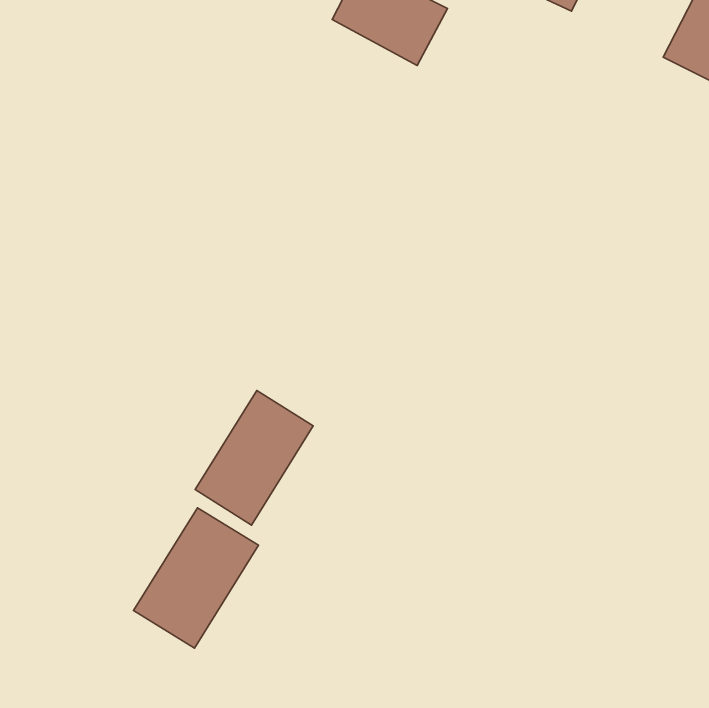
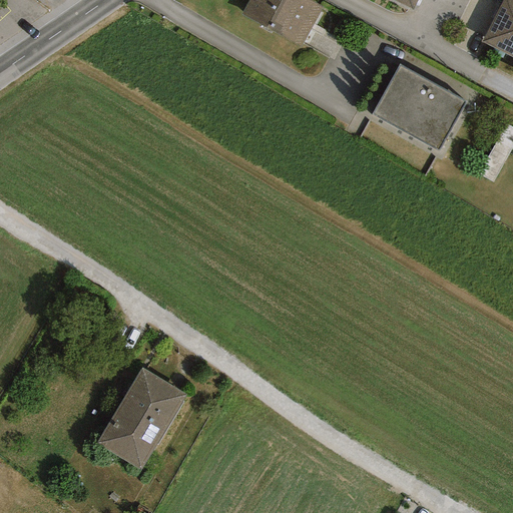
building: none -> [372,62,468,151]
building: [195,390,313,525] -> none

